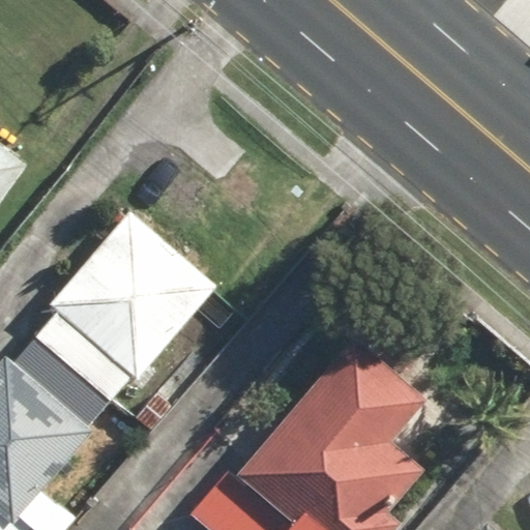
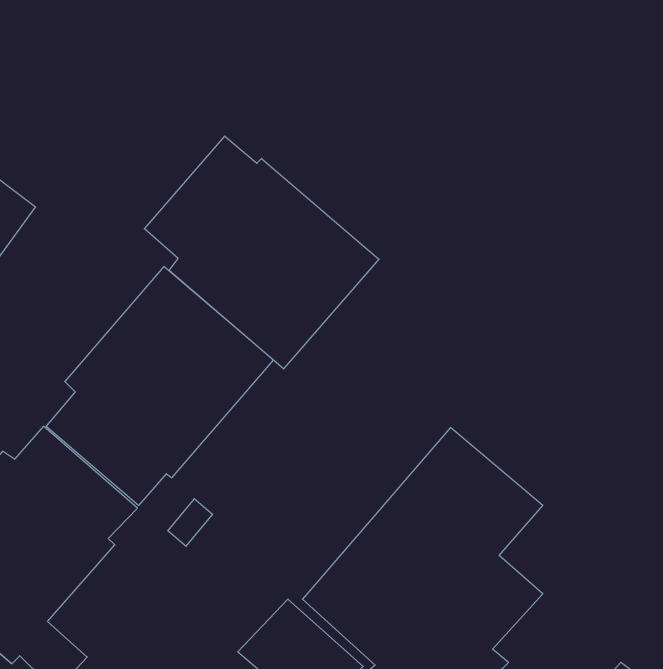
building: none -> [144,136,379,369]

